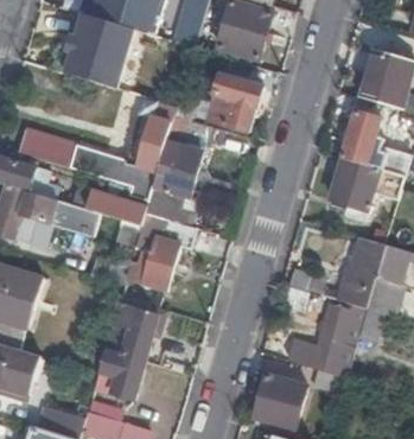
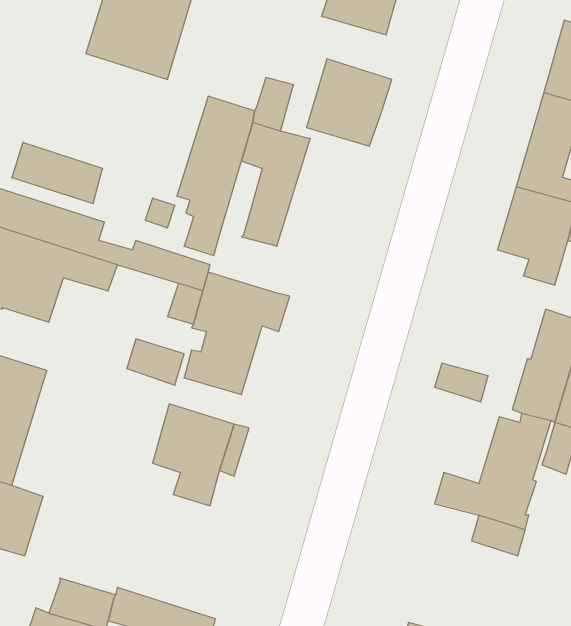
building: [144,184,191,224] -> none
building: [93,333,145,402] -> none
building: [254,375,305,428] -> none

